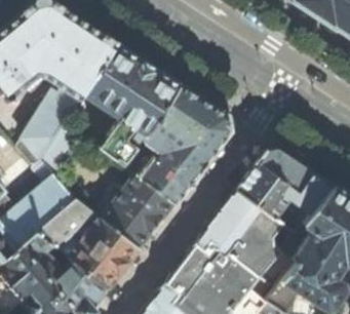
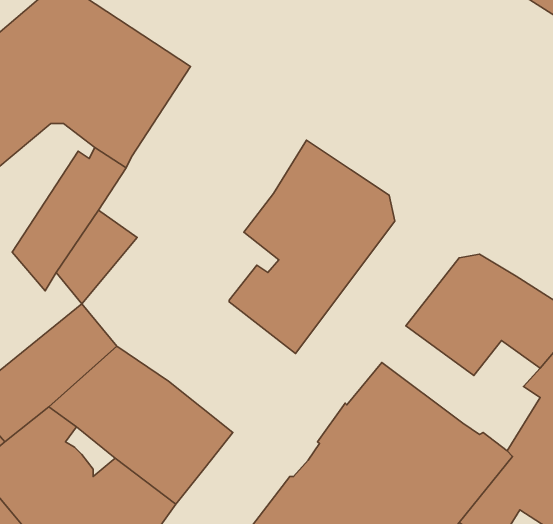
building: [83,45,181,165] -> none
building: [104,176,174,249] -> none
building: [222,190,283,244] -> none

